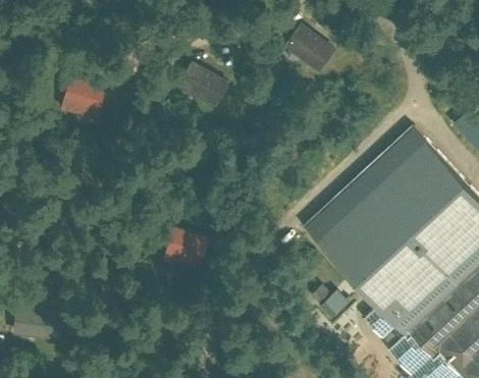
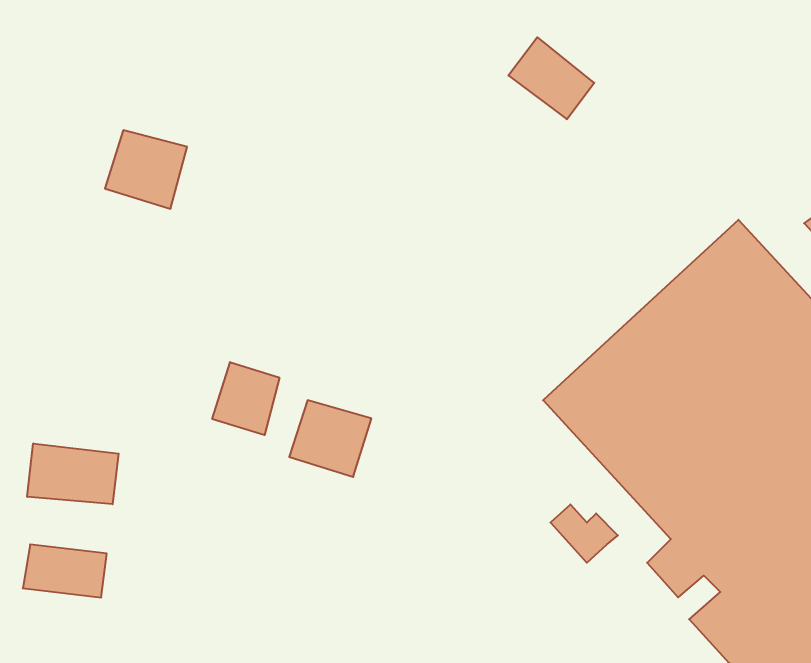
building: [179,63,227,106] -> none
building: none -> [212,362,279,435]
building: none -> [27,443,119,504]

